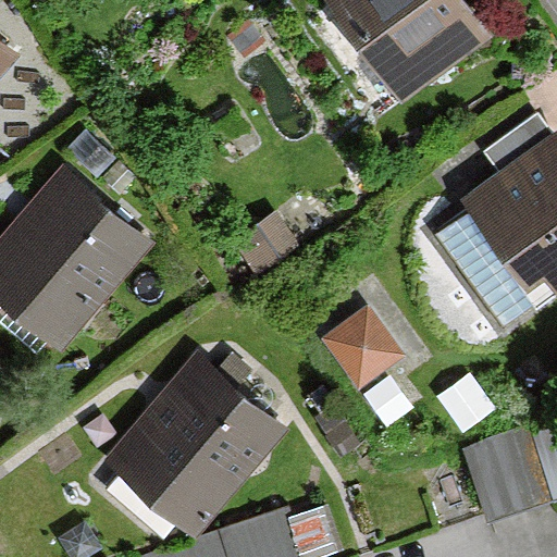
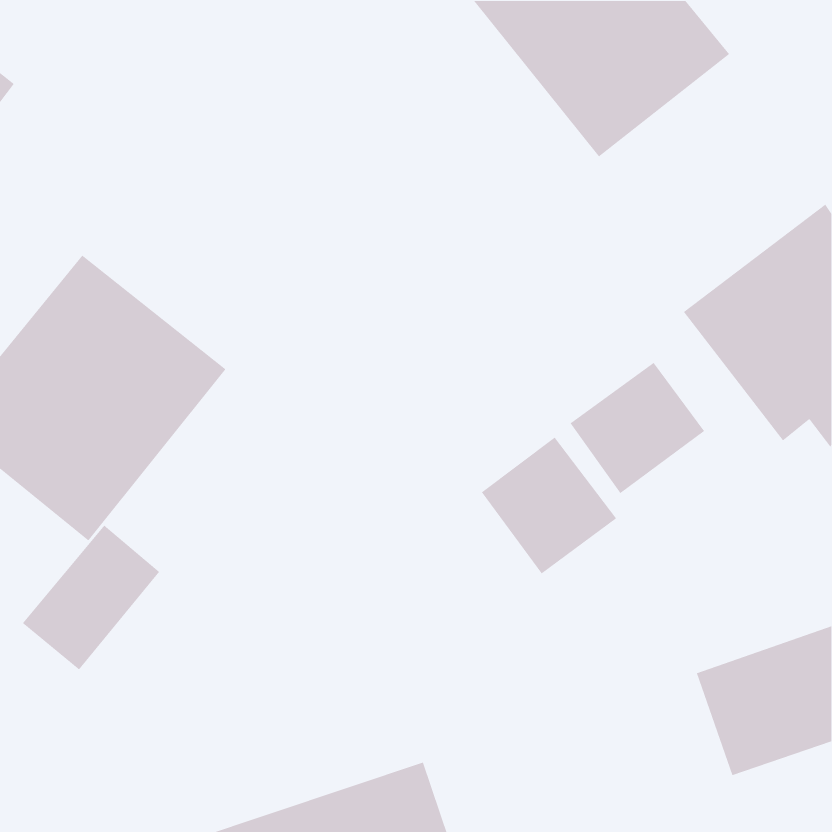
building: none -> [570,362,705,494]
building: [104,349,285,532] -> none
building: none -> [22,524,160,670]

